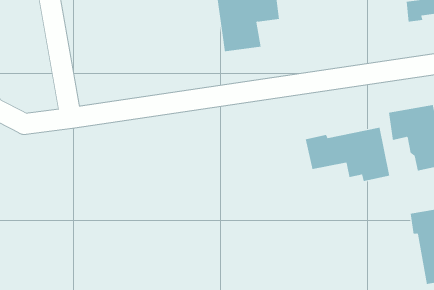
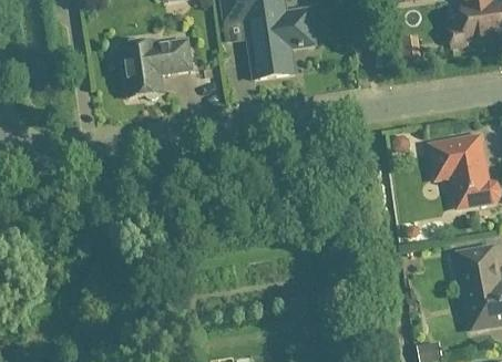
building: none -> [120,38,192,97]
building: [305,127,390,182] -> none

